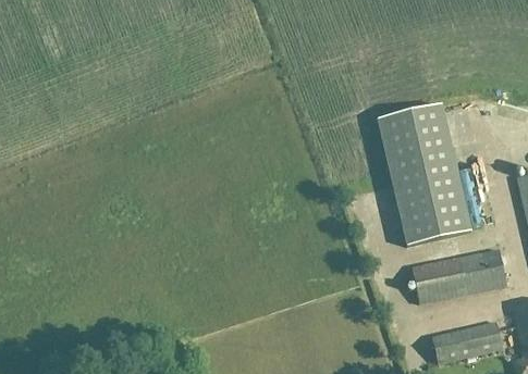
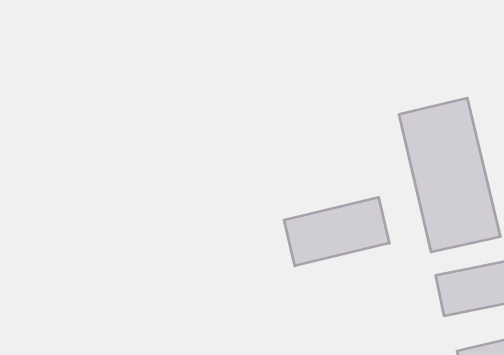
building: none -> [284,197,389,266]

